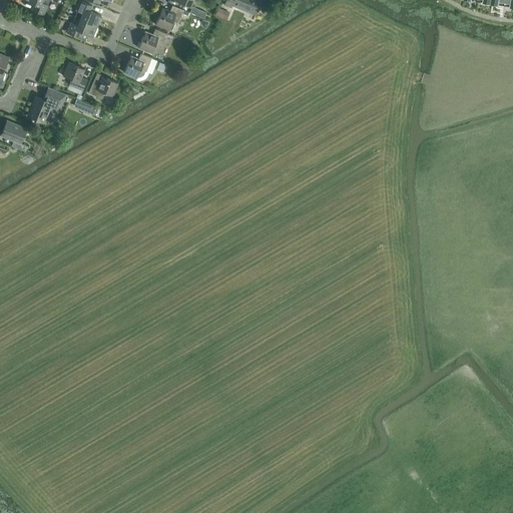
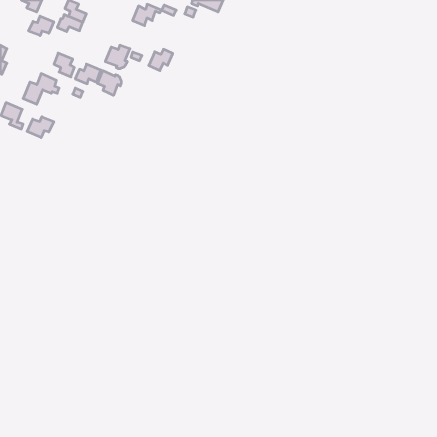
building: none -> [29,16,54,36]
building: [138,28,166,53] -> [149,49,173,71]
building: none -> [97,71,121,95]
building: none -> [27,117,54,138]

